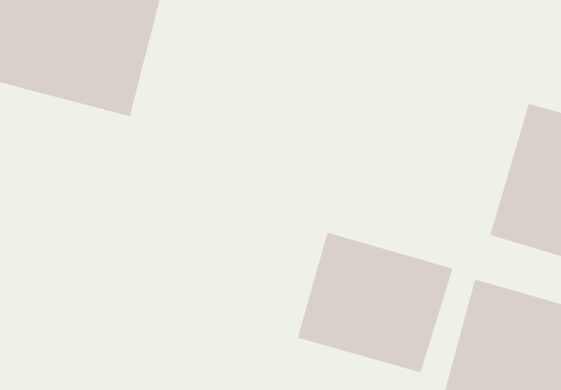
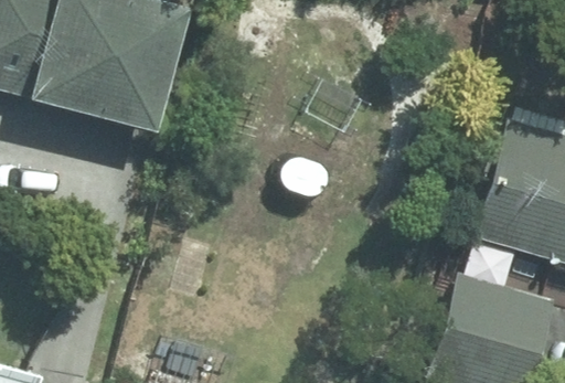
building: [297,232,453,373] -> none

